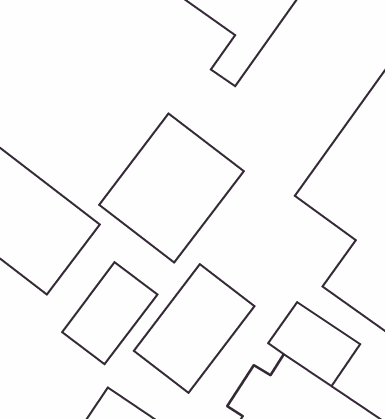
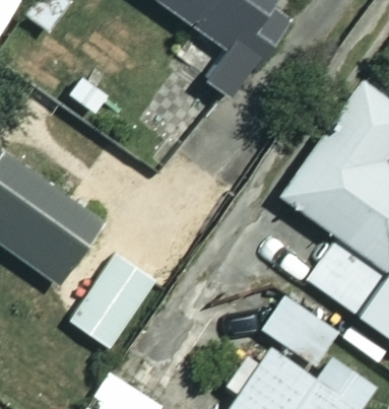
building: [99,113,244,262] -> none
building: [134,264,255,393] -> none

